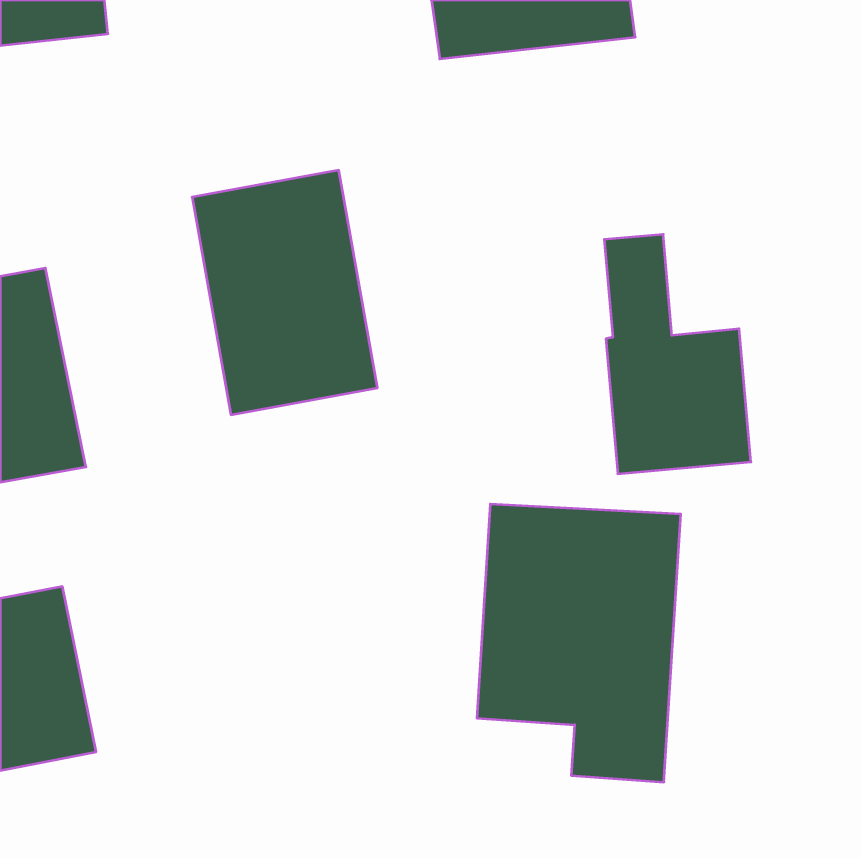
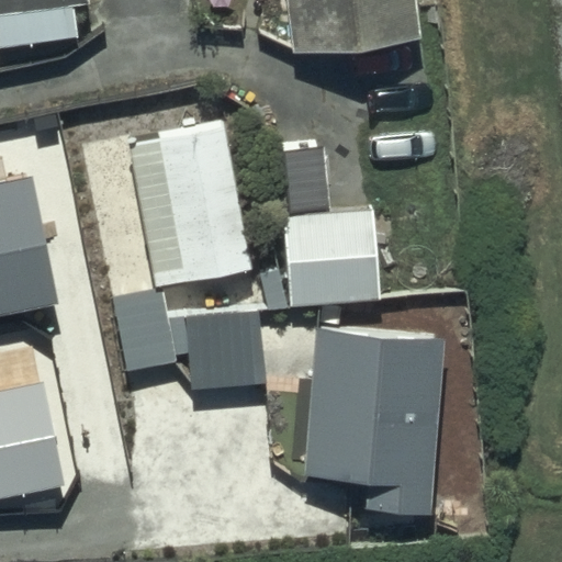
building: [604,234,751,474] -> [282,153,378,308]
building: none -> [114,290,266,392]

